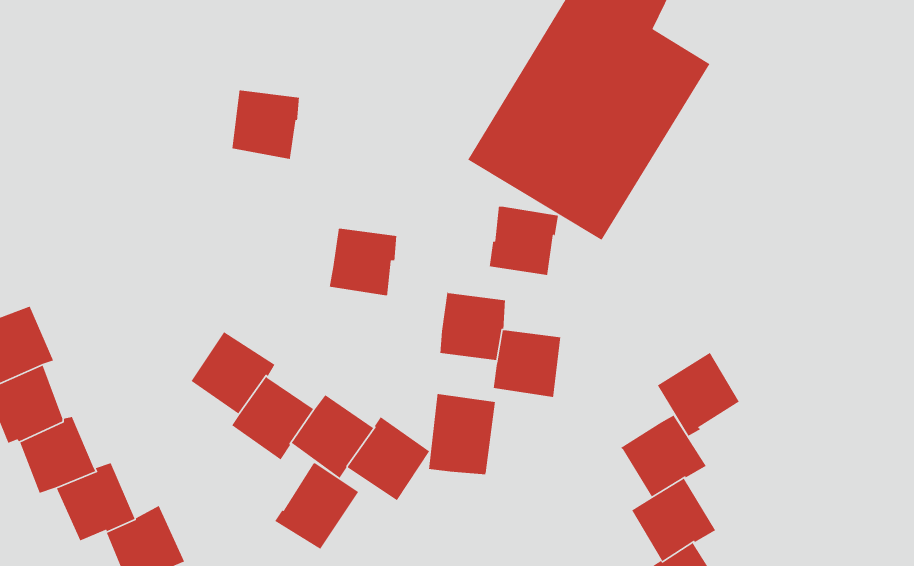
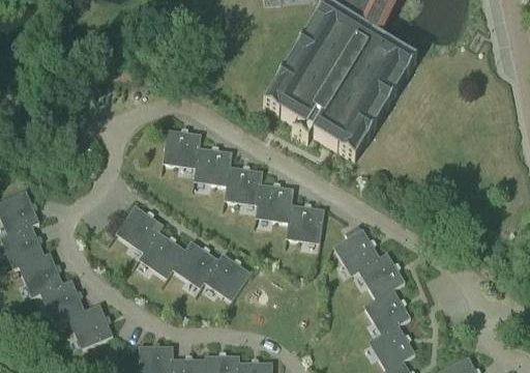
building: [232,90,300,160] -> [163,131,201,170]
building: [489,206,559,276] -> [224,167,263,206]
building: [657,352,740,437] -> [333,229,380,277]
building: [428,393,496,475] -> none
building: [274,462,359,550] -> none

